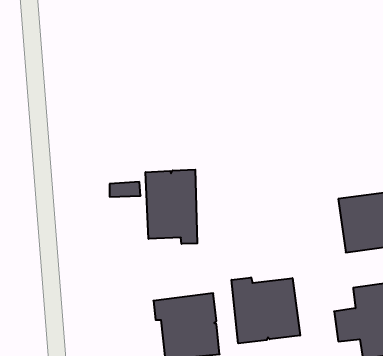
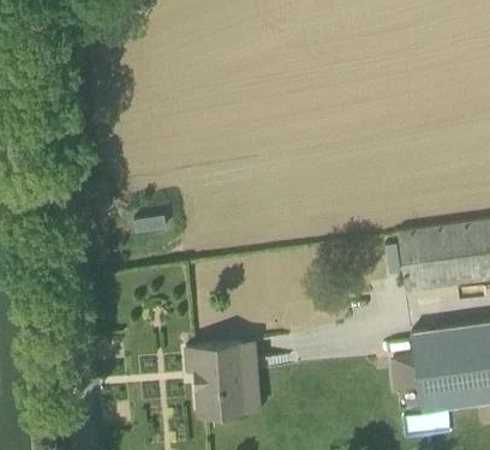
building: [146,170,197,244] -> none
building: [232,277,300,343] -> none

